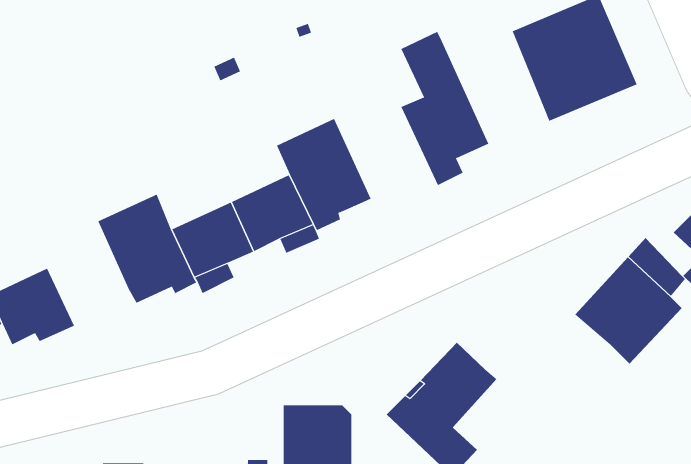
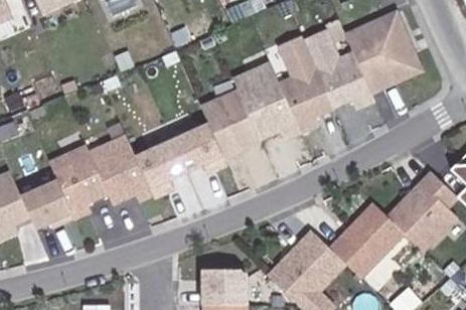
building: none -> [301,30,372,107]
building: none -> [229,63,299,141]
building: none -> [46,148,106,222]
building: none -> [329,202,407,279]

